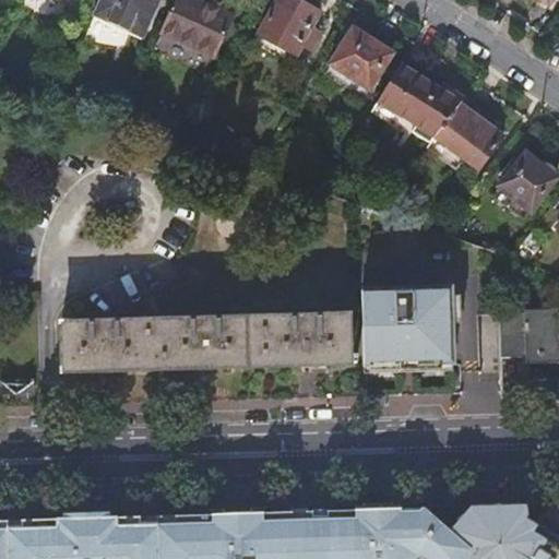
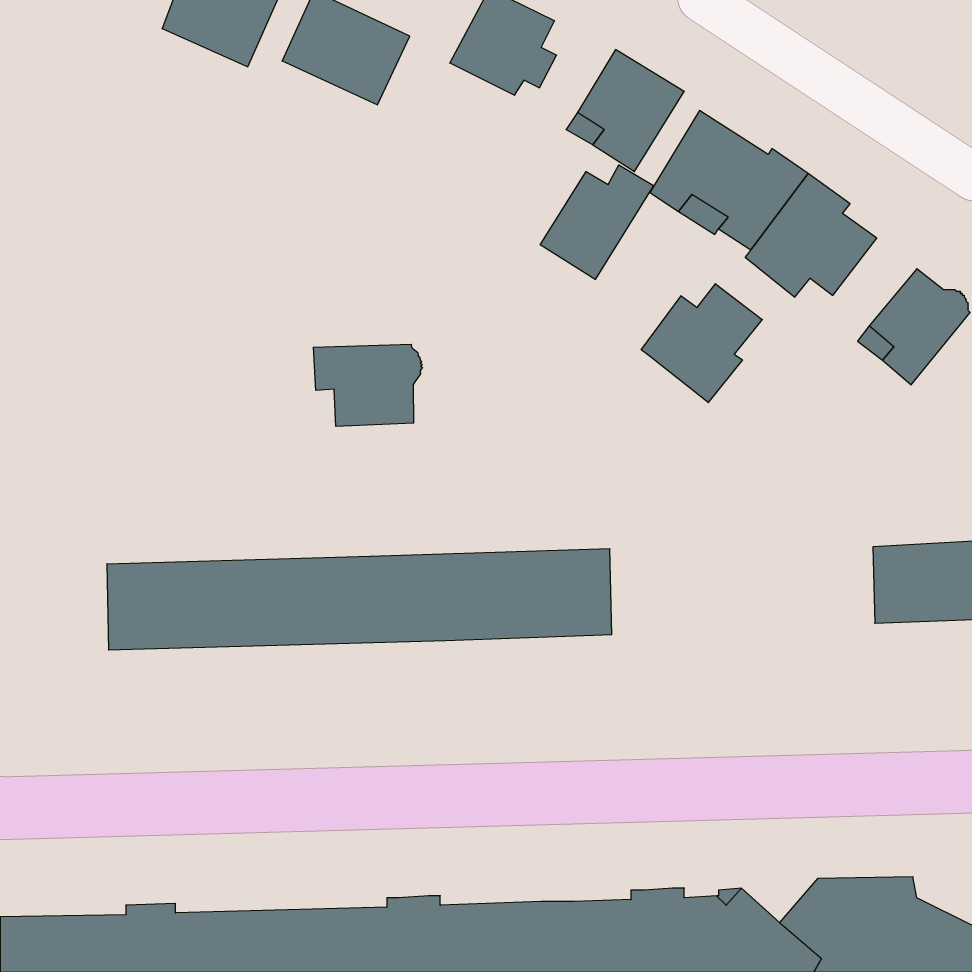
building: none -> [540,165,653,279]
building: none -> [641,284,762,403]
building: none -> [313,344,422,426]
building: [362,287,454,371] -> none

